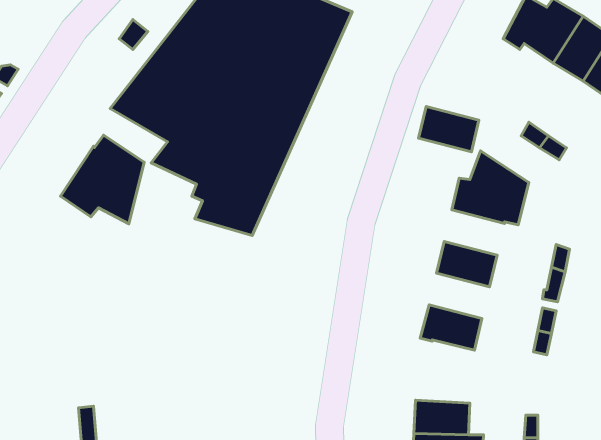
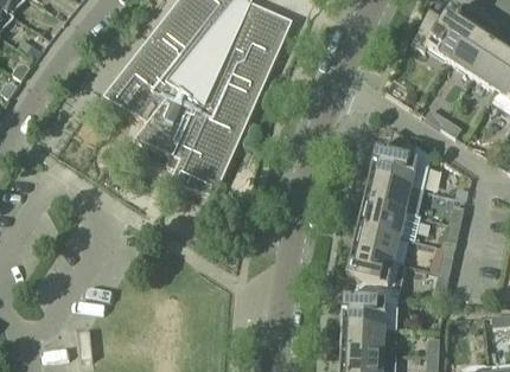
building: [419,106,479,152] -> [365,175,413,211]
building: [61,135,144,224] -> none
building: none -> [353,225,401,261]
building: none -> [343,277,395,327]

